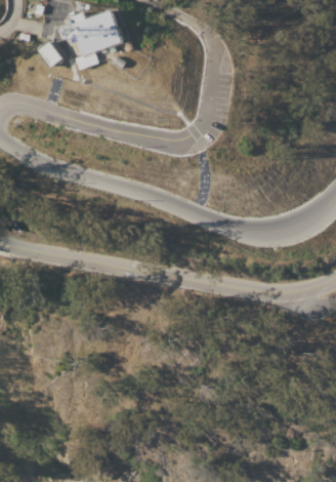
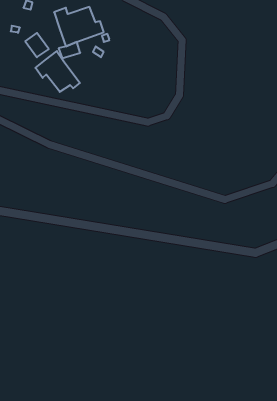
building: none -> [35,51,80,92]

